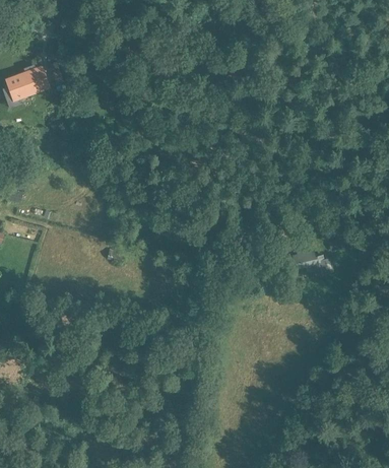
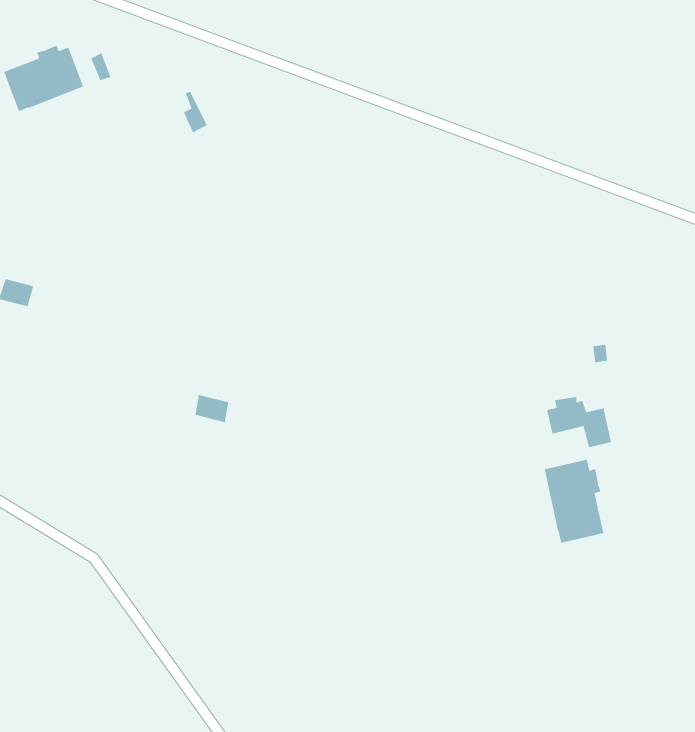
building: none -> [544,459,604,543]

